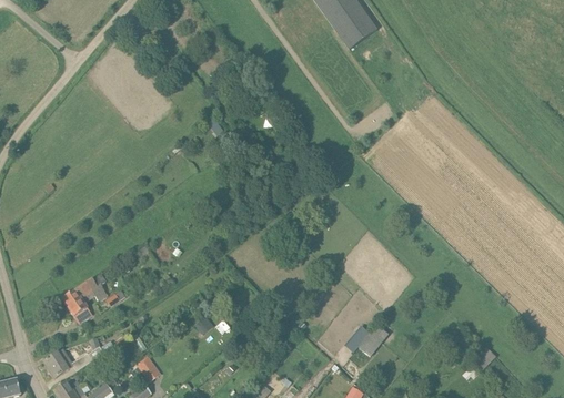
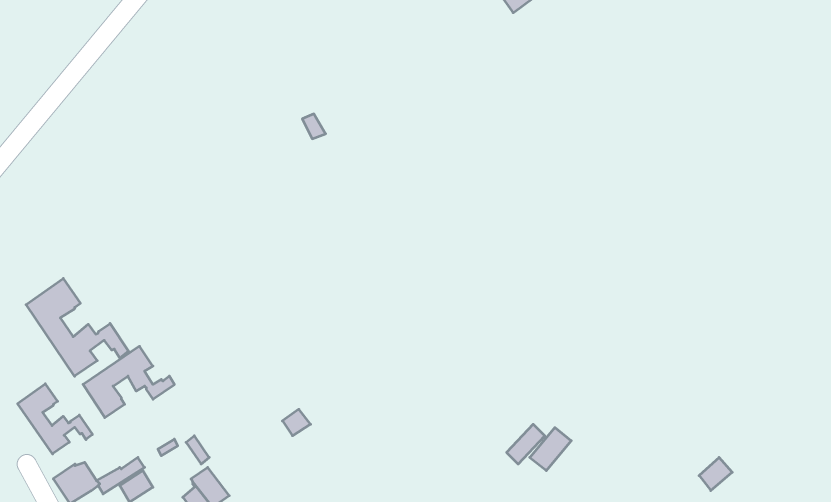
building: none -> [26,278,129,376]
building: none -> [18,384,92,454]

